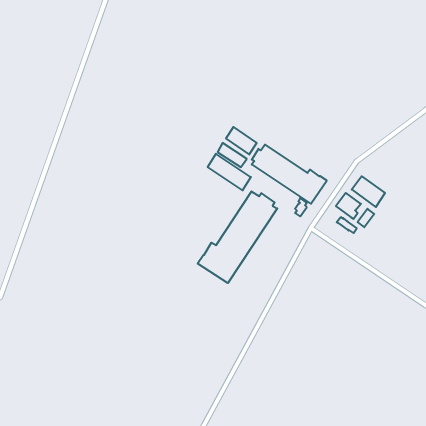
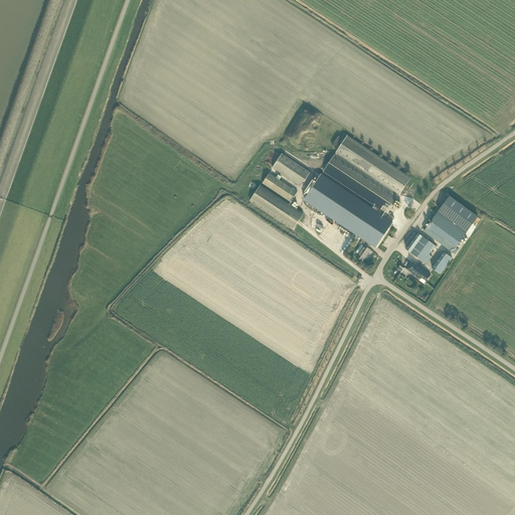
building: none -> [324,136,409,212]
building: none -> [437,199,474,231]
building: [198,191,277,283] -> none

